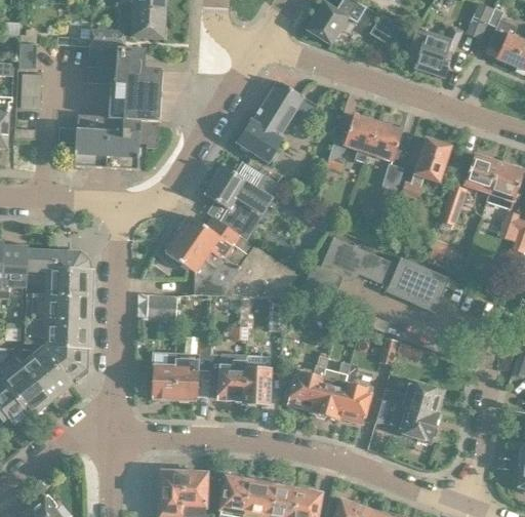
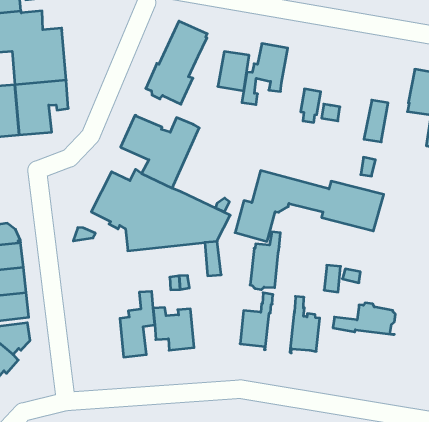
building: [367,122,402,163] -> [218,52,249,91]
building: [412,136,450,184] -> none
building: [462,153,498,193] -> none
building: [147,296,177,322] -> none
building: [152,353,176,398] -> none
building: [244,361,271,402] -> none
building: [313,363,350,417] -> [250,232,280,290]
building: [375,400,439,440] -> none

